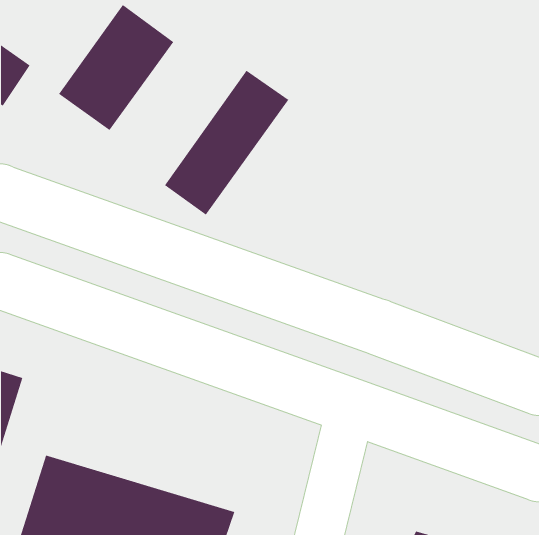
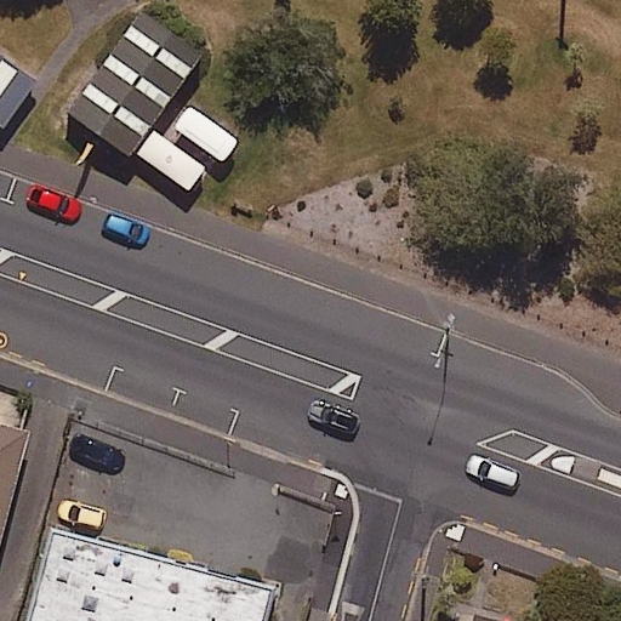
building: [164,70,289,216] -> none

